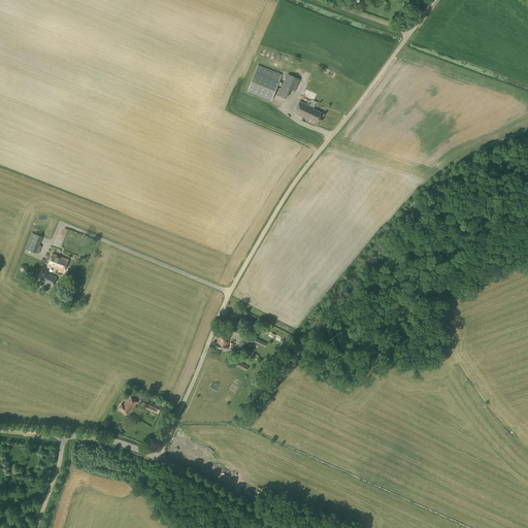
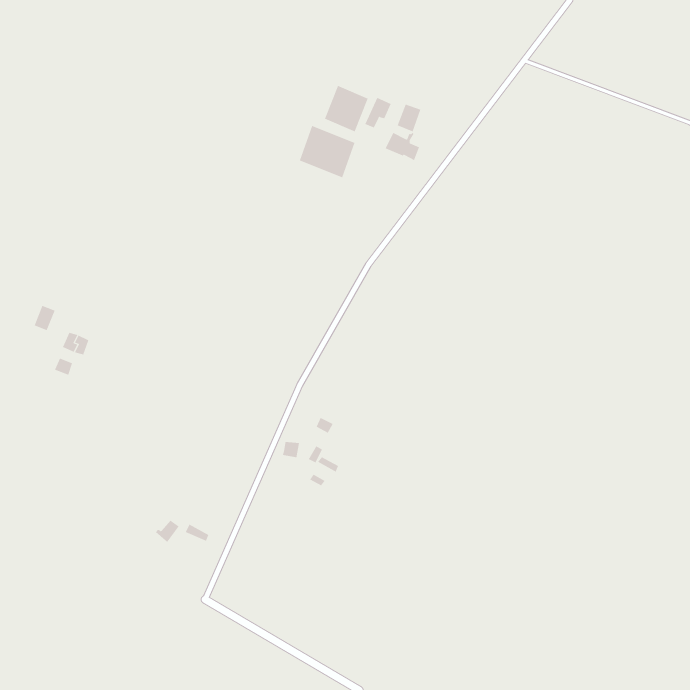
building: none -> [299,125,355,178]

